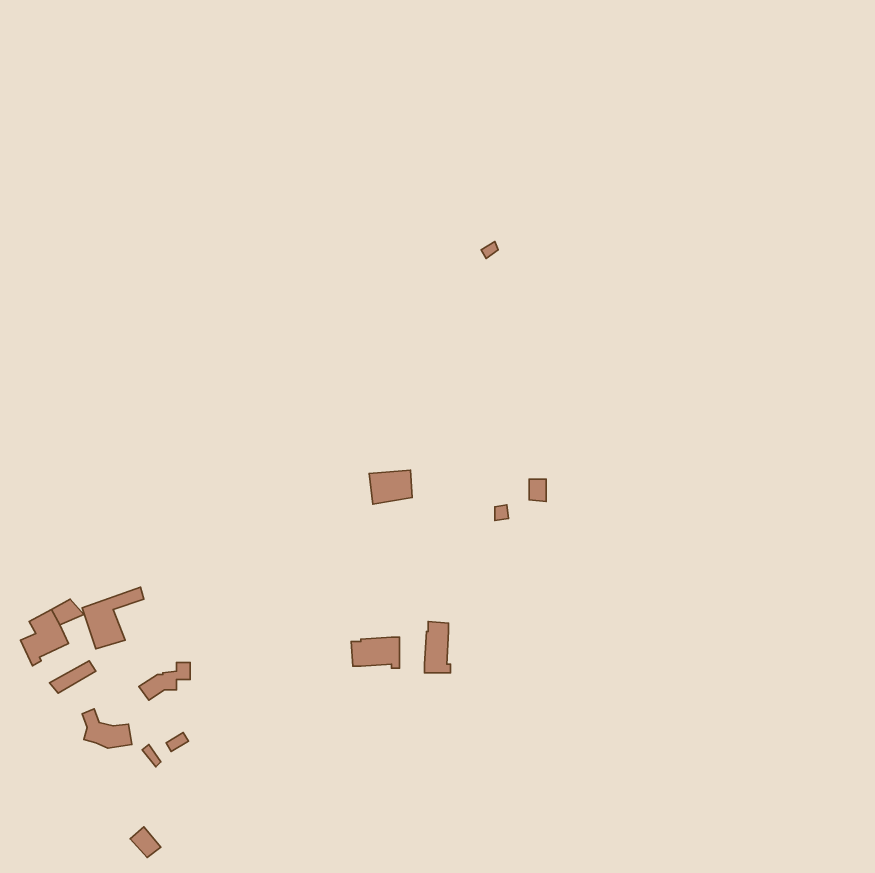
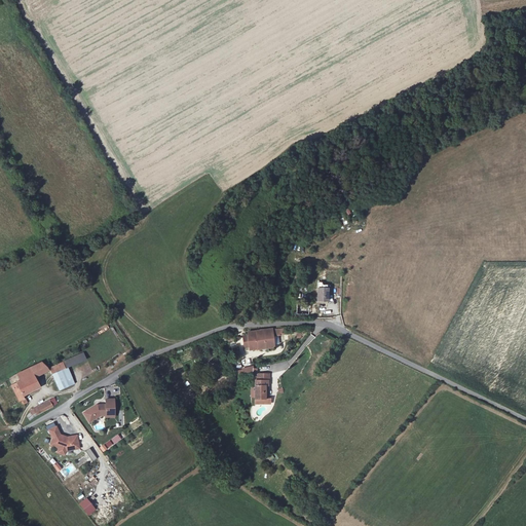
building: [369,470,412,504] -> [249,329,274,349]
building: [351,637,400,668] -> none

